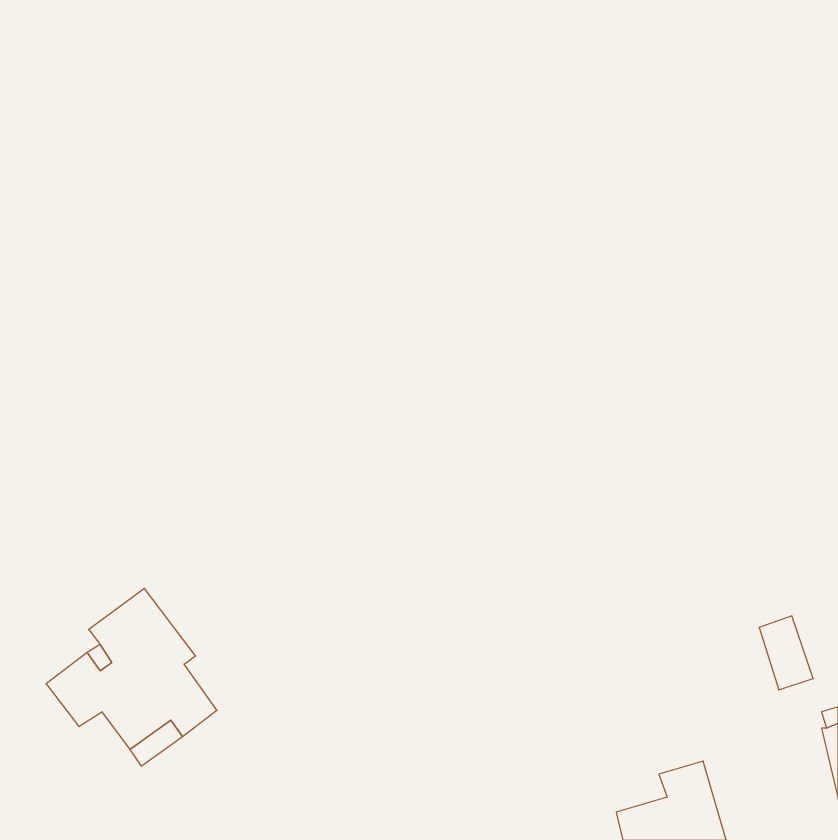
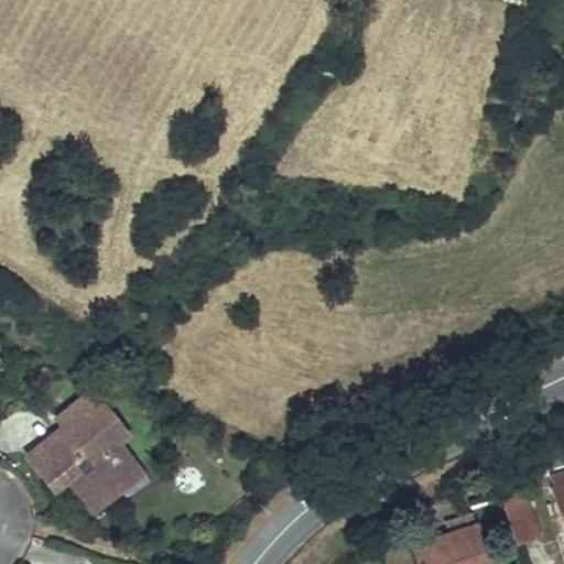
building: [759,616,813,690] -> [502,492,539,542]

